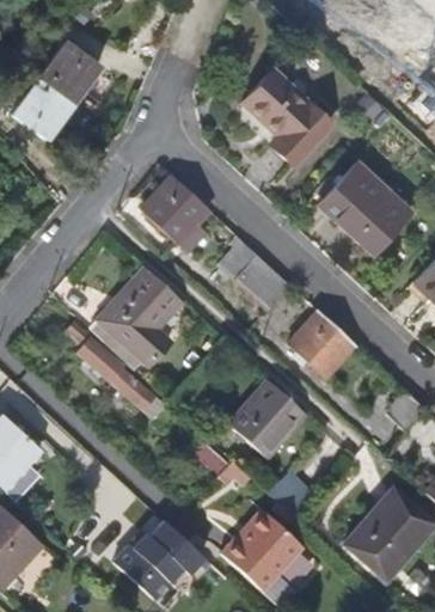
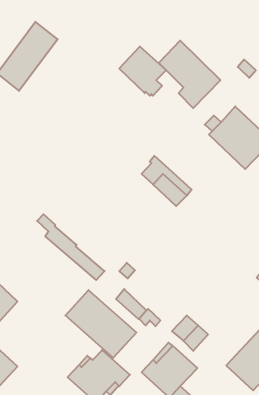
building: [142,175,210,246] -> [119,46,166,96]
building: [88,265,182,368] -> none
building: [288,310,356,377] -> none
building: [227,382,305,459] -> none
building: none -> [65,290,136,358]

